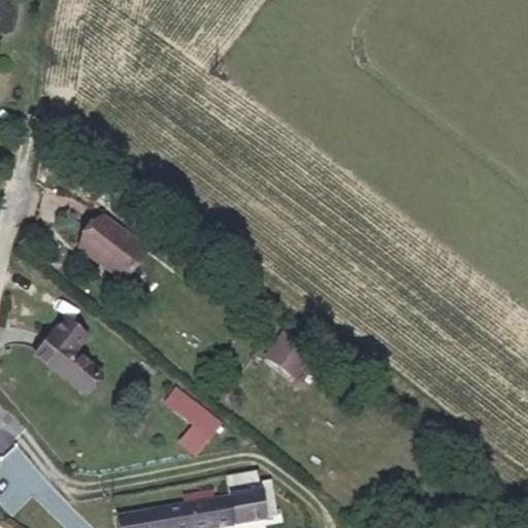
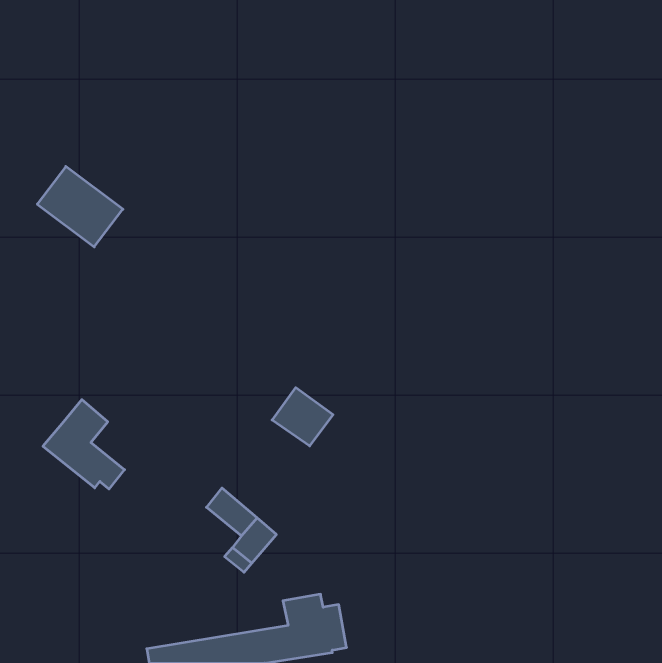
building: [80,218,148,282] -> [37,166,123,247]
building: [265,332,314,378] -> [272,388,333,446]

